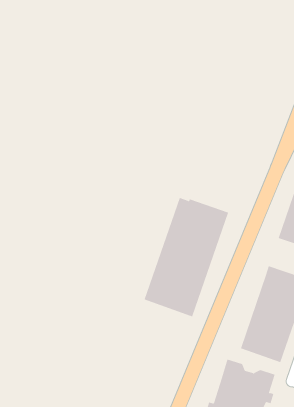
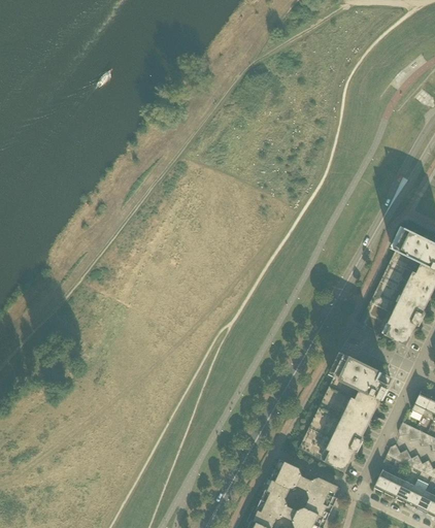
building: [144,197,229,317] -> none

